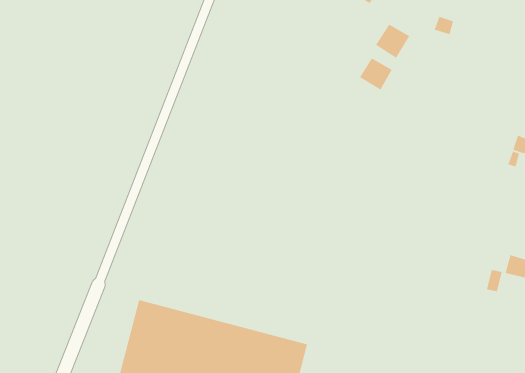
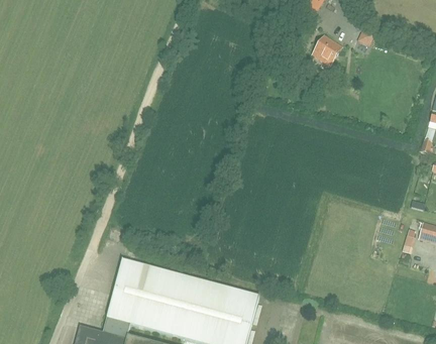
building: [359,58,393,91] -> none

